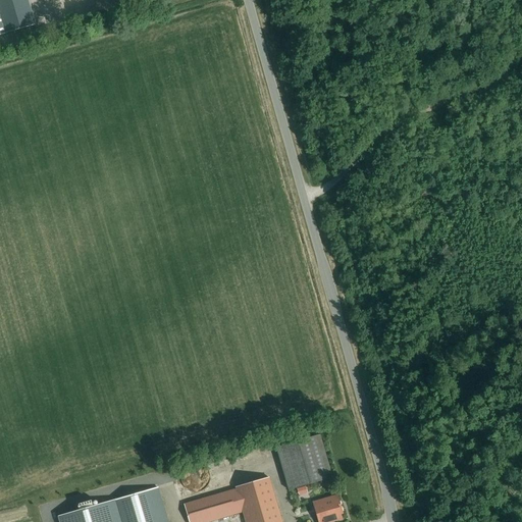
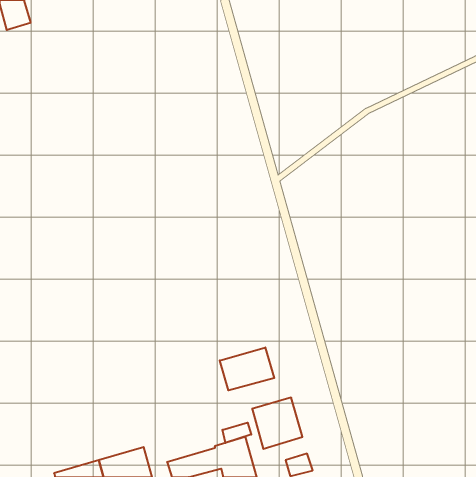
building: none -> [220,347,274,390]
building: none -> [222,423,251,443]

